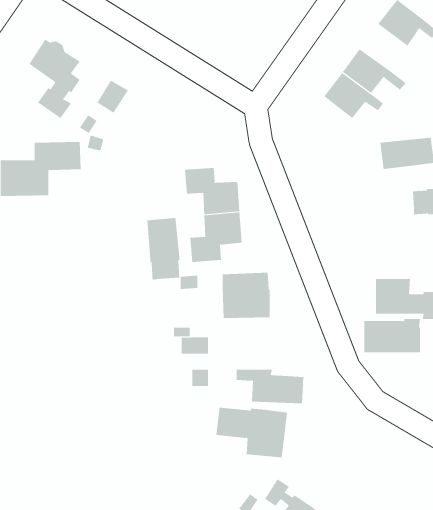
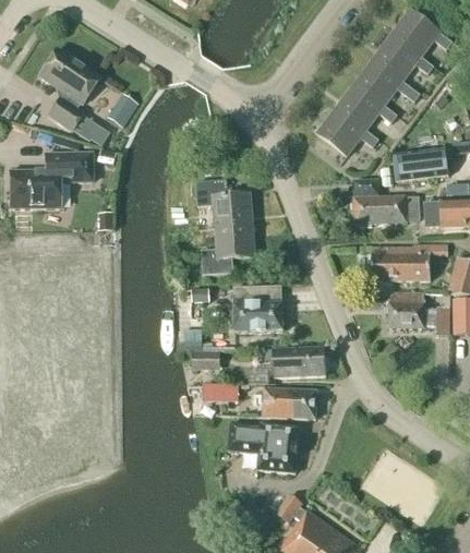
building: none -> [372,34,433,81]
building: none -> [317,107,378,155]
building: none -> [352,179,426,224]
building: [147,217,180,281] -> none
building: [364,318,421,353] -> [372,244,430,279]
building: none -> [273,347,325,376]

